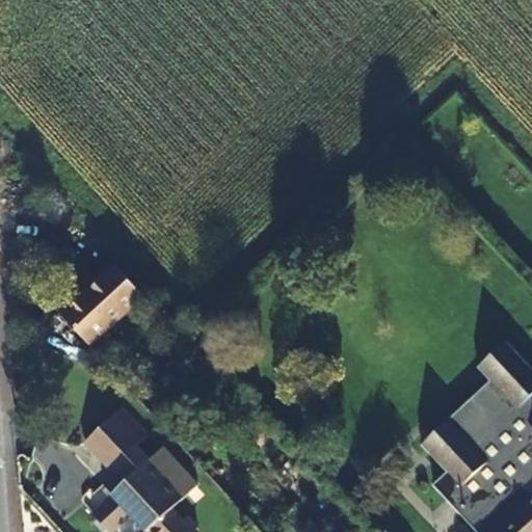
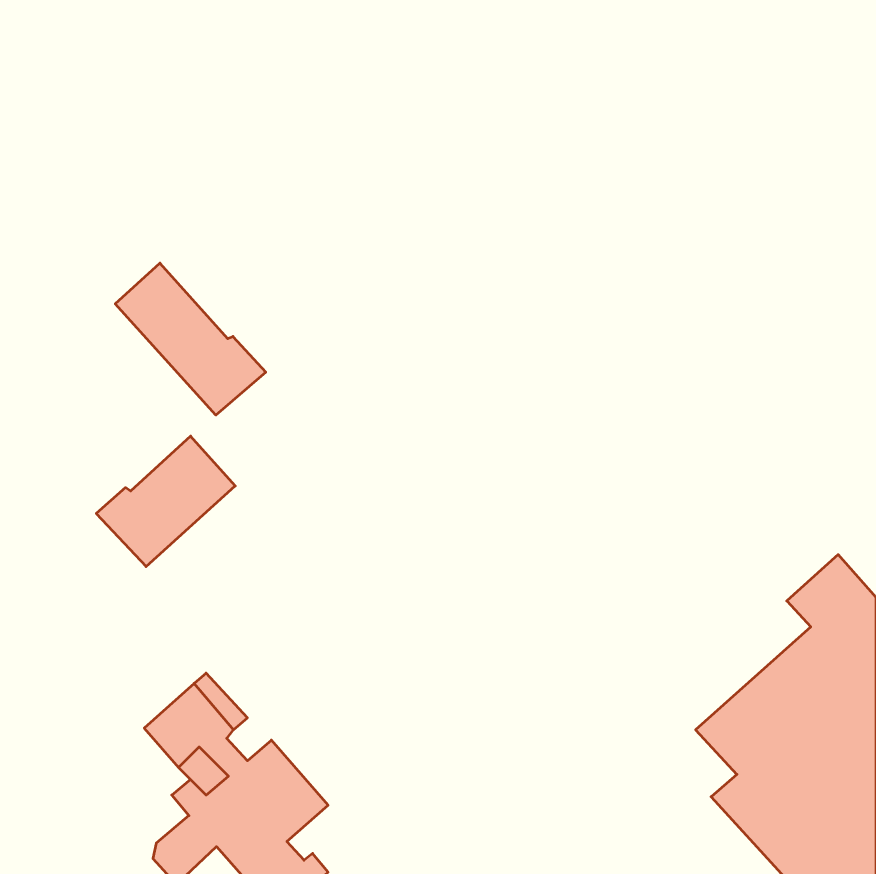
building: none -> [115,263,266,415]

